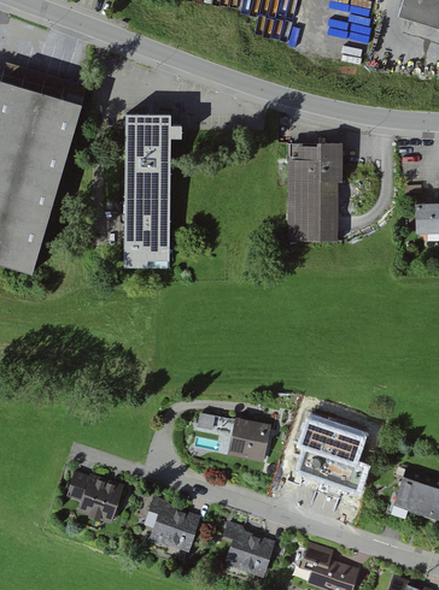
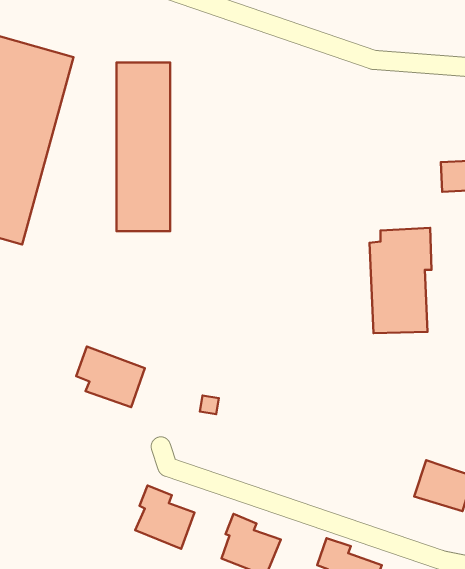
building: [286,146,341,240] -> [370,228,432,333]
building: [295,413,370,495] -> none
building: [228,418,271,462] -> none
building: [59,468,121,523] -> [76,347,145,407]

